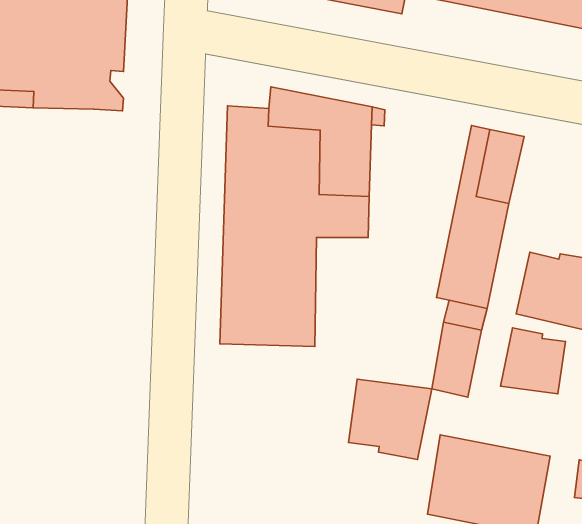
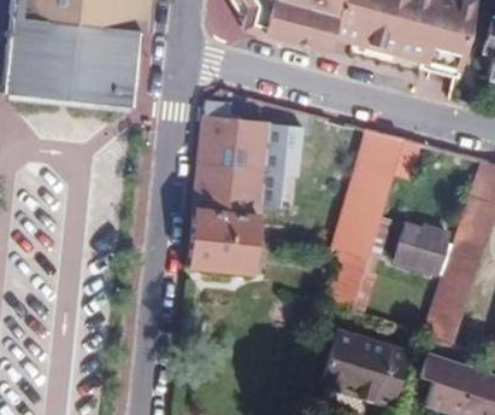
building: [500,328,566,394] -> none
building: [348,379,432,460] -> none

